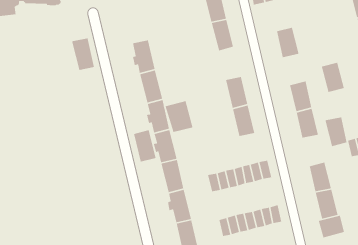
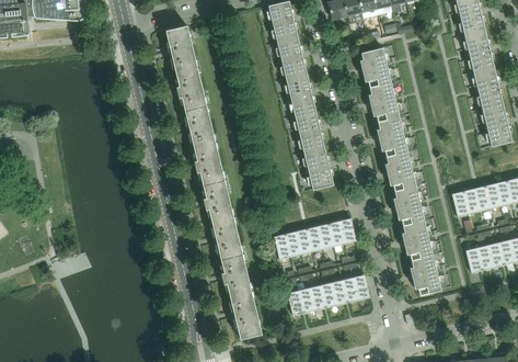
building: [71,37,95,71] -> [166,25,197,68]
building: none -> [287,73,316,115]
building: [321,62,345,93] -> [369,82,400,122]
building: [164,100,193,133] -> none
building: [325,116,348,147] -> [394,186,424,226]
building: [133,129,157,162] -> none
building: [318,215,345,239] -> none

